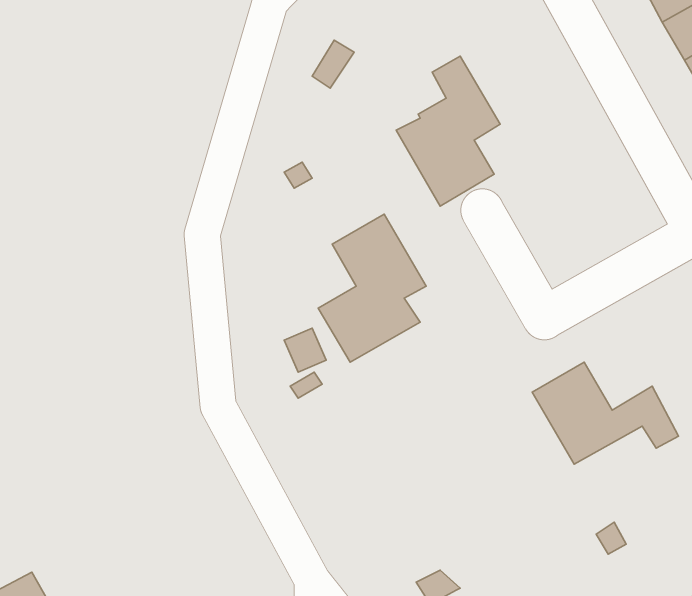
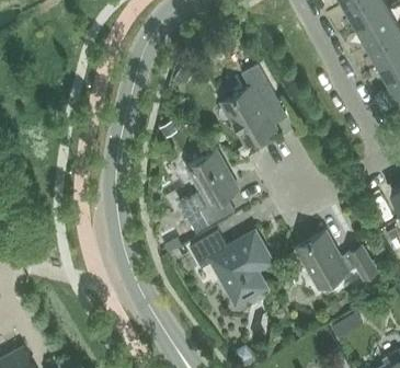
building: none -> [190,232,272,306]

